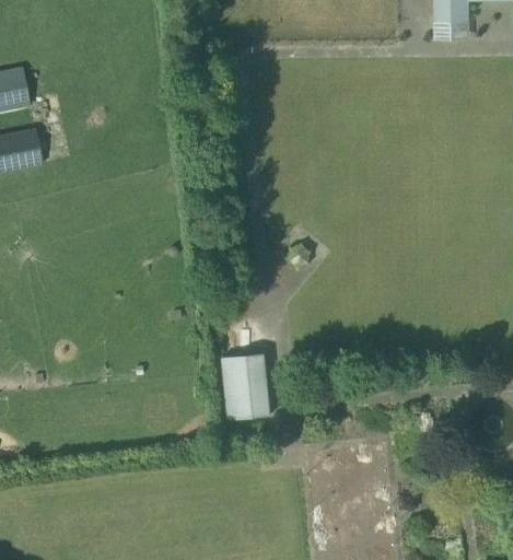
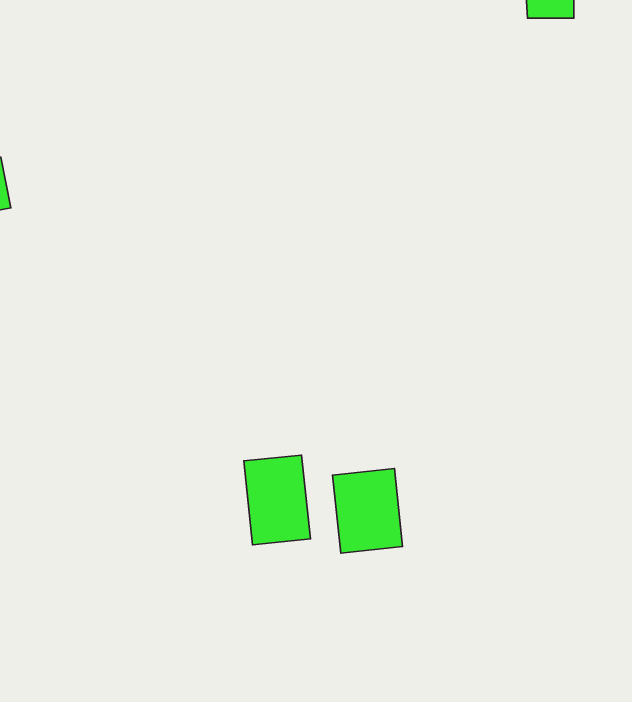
building: none -> [333,469,403,553]

